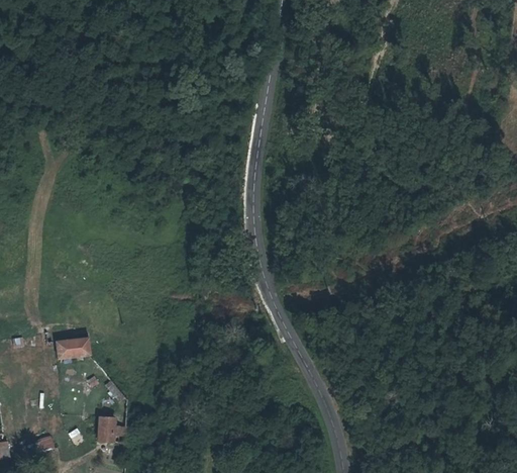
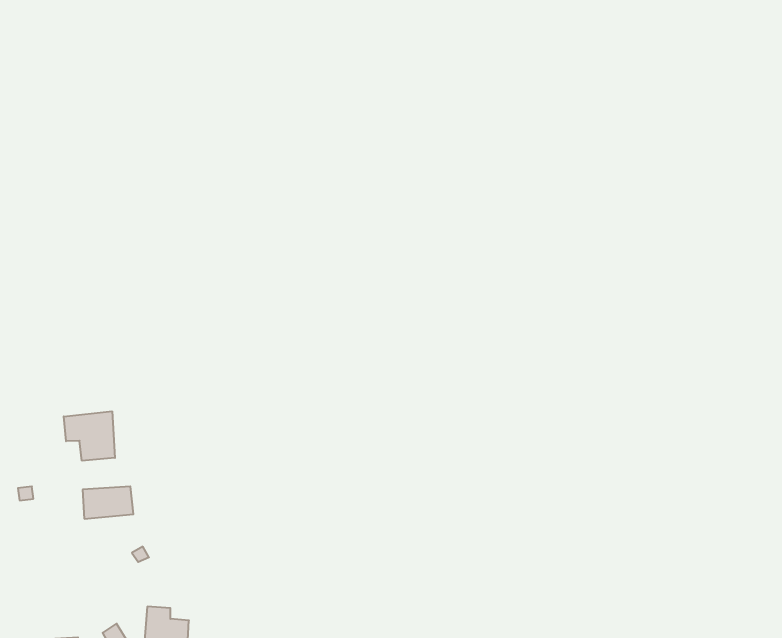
building: none -> [64,411,115,461]

